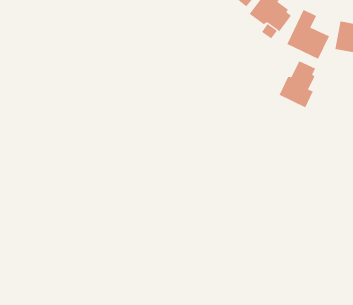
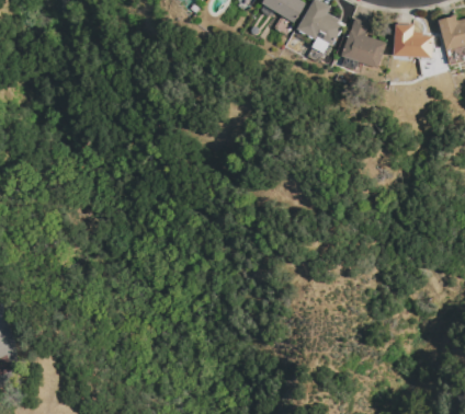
building: [279,60,316,108] -> none

